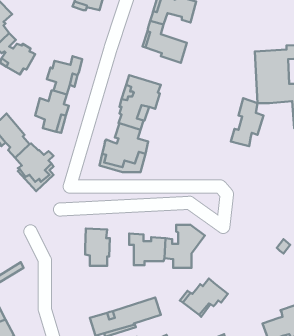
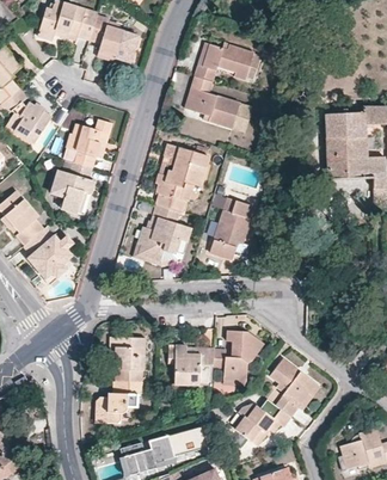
building: [231,98,263,146] -> [210,199,251,259]
building: none -> [269,359,315,417]
building: none -> [100,382,143,424]

